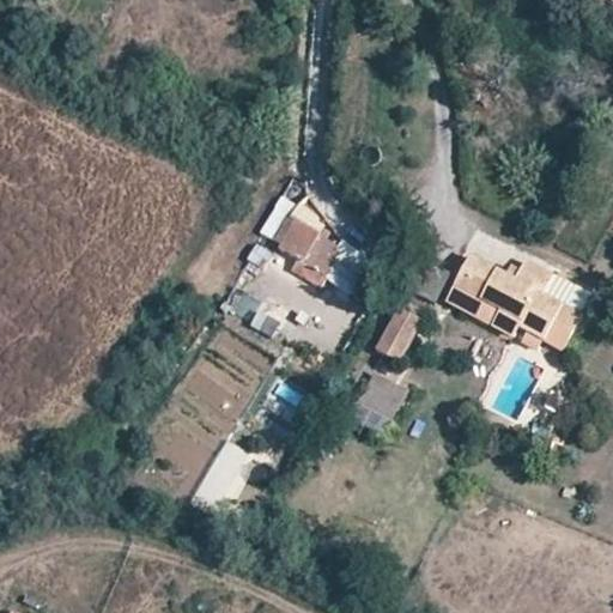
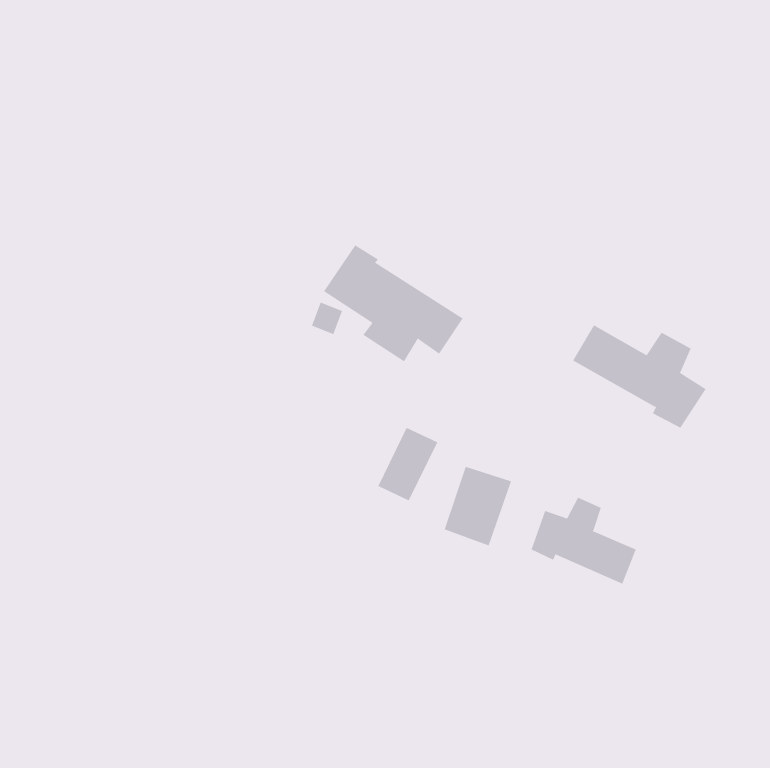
building: [375,301,423,359] -> [378,427,438,501]
building: none -> [531,497,636,584]

